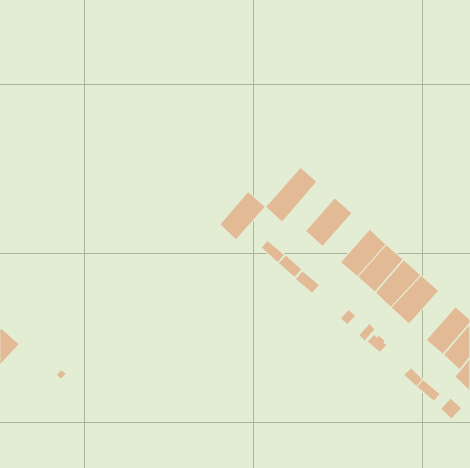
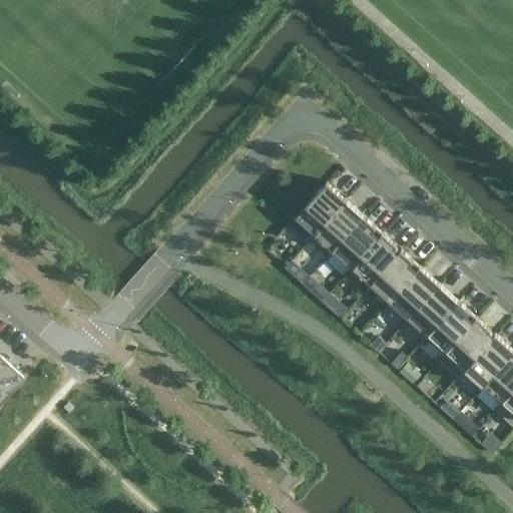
building: [219,191,265,240] -> [314,201,364,254]
building: none -> [352,235,402,289]
building: none -> [445,320,495,373]

